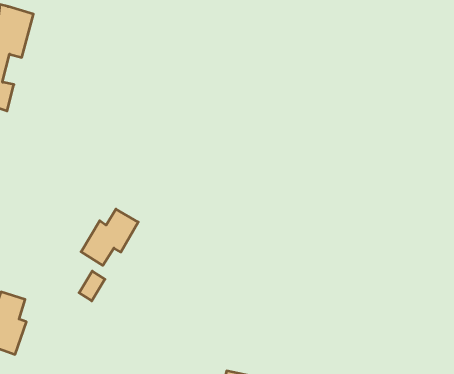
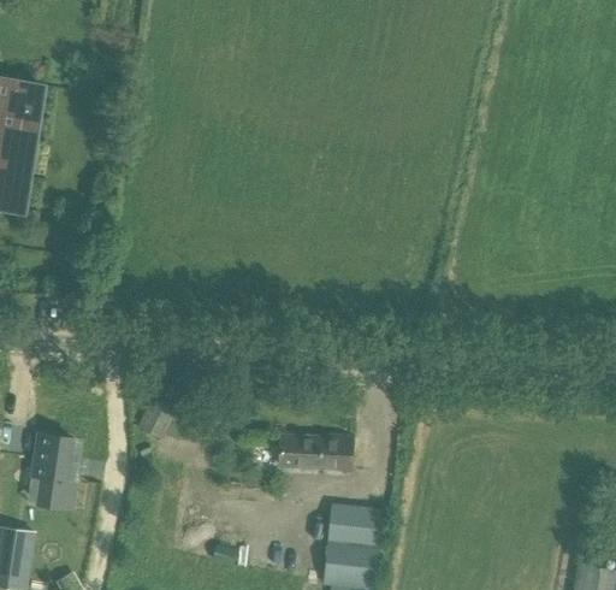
building: [81,209,138,265] -> none
building: none -> [280,436,353,472]

